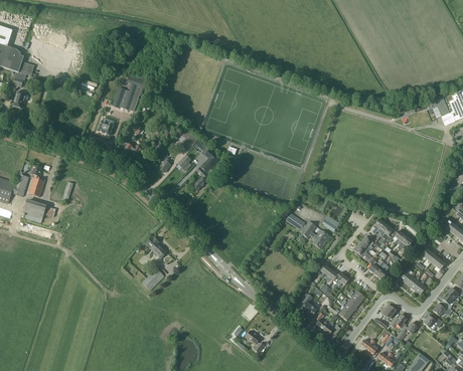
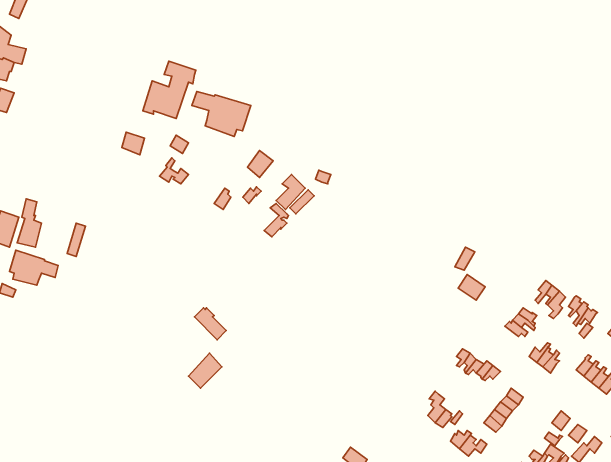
building: none -> [192,91,251,136]
building: [286,212,330,249] -> none

